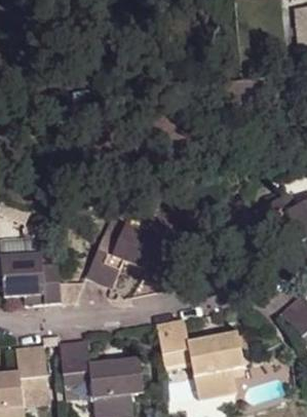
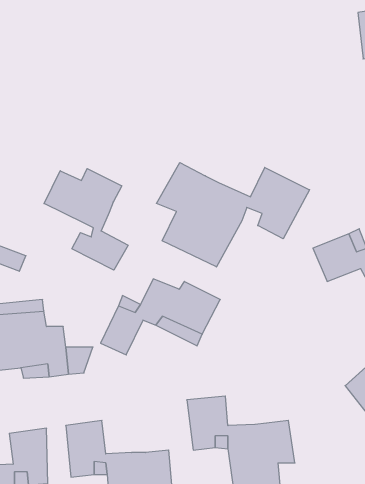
building: none -> [156,163,310,267]
building: none -> [44,169,128,270]

